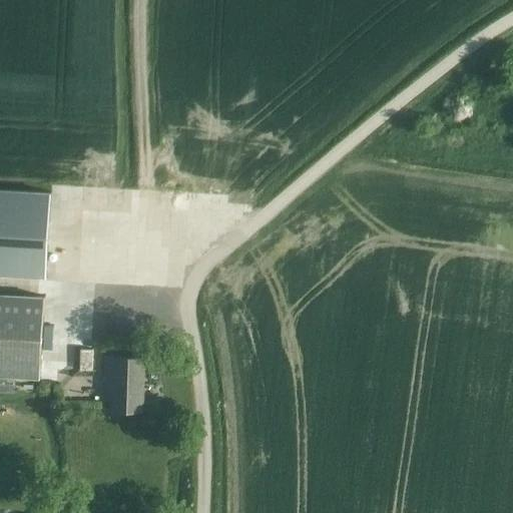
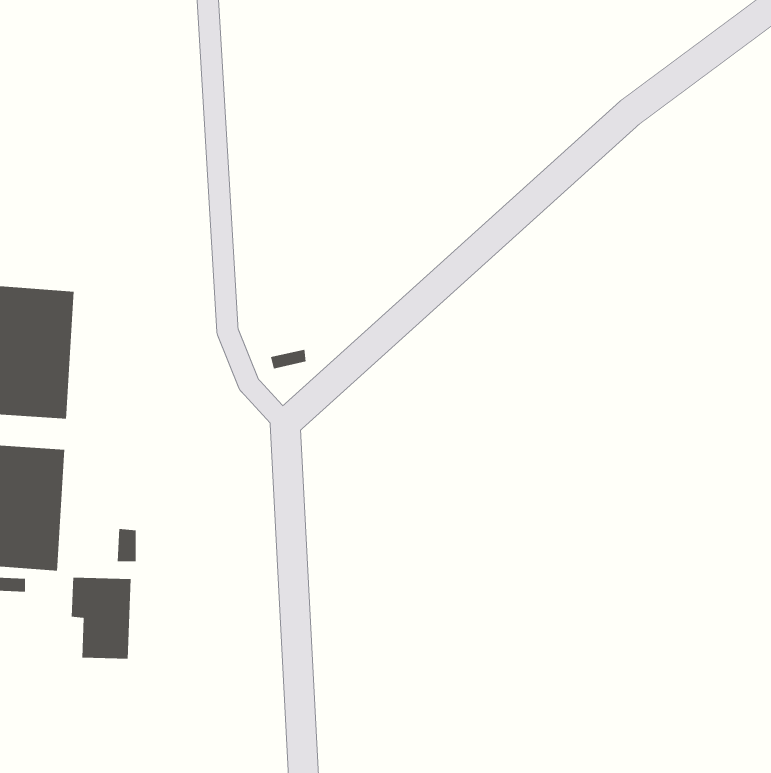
building: [102,359,142,413] -> [71,577,132,659]

